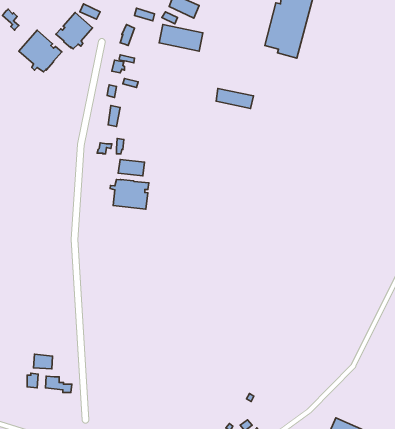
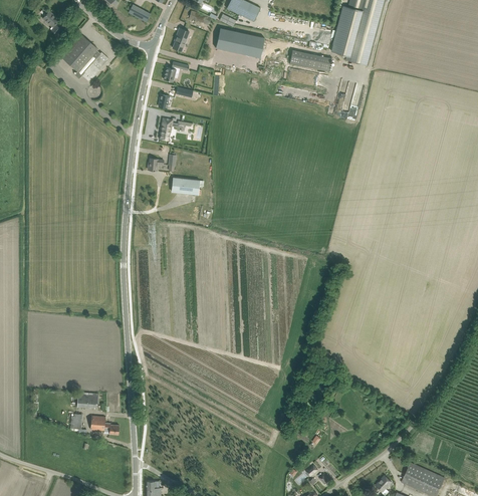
building: [56,12,92,49] -> none
building: [216,88,253,109] -> [290,49,331,71]
building: [110,179,149,209] -> none

